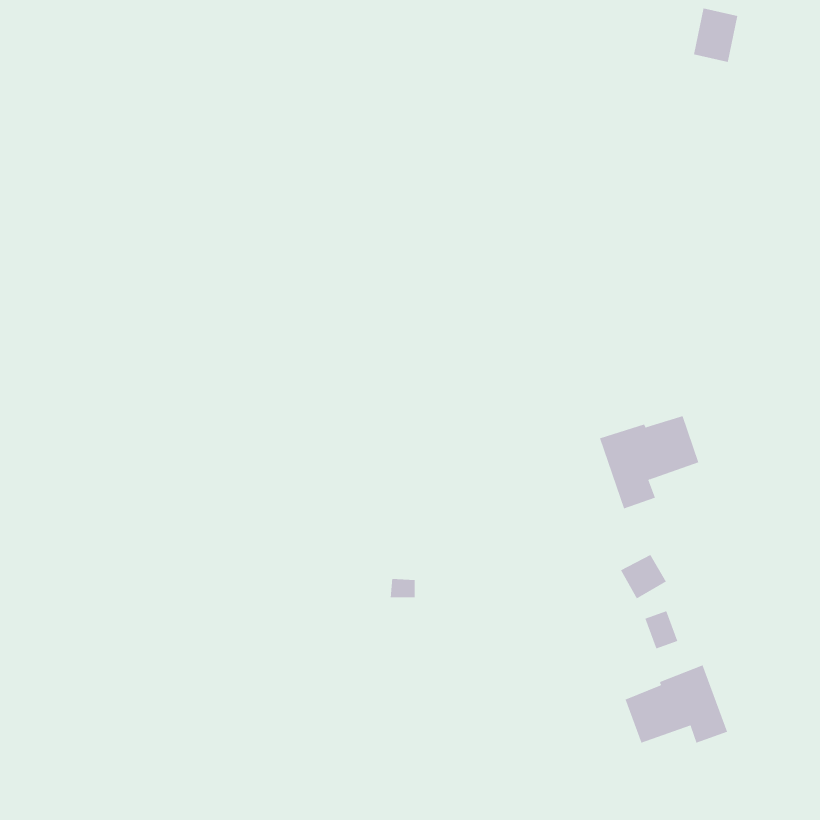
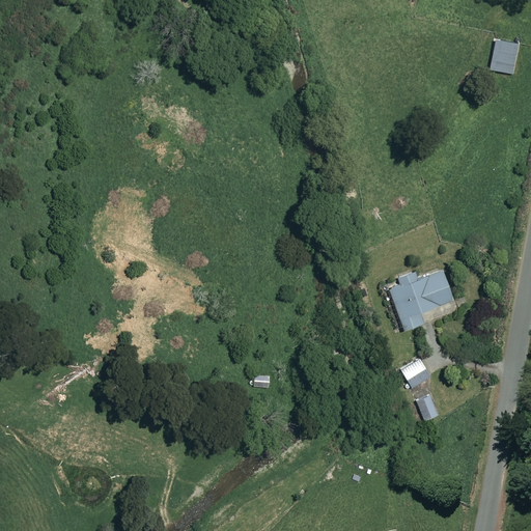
building: [693,8,738,63] -> [491,39,520,75]
building: [625,665,728,744] -> none

